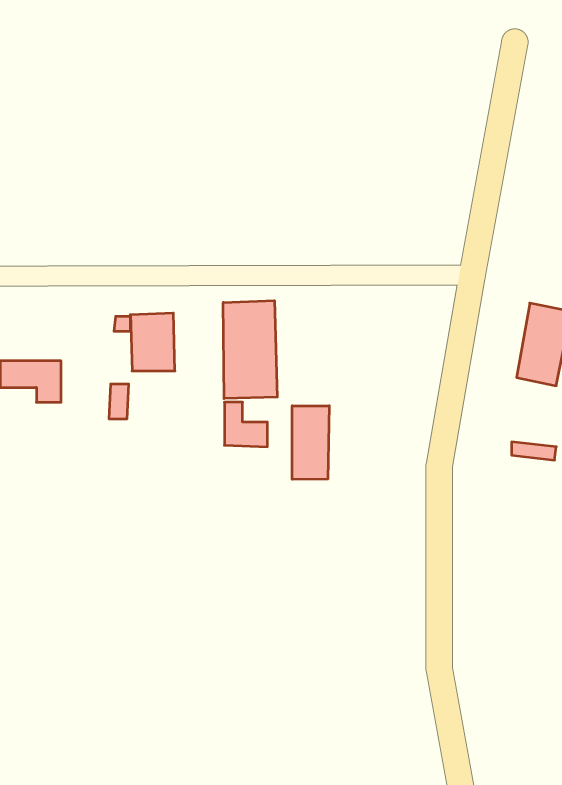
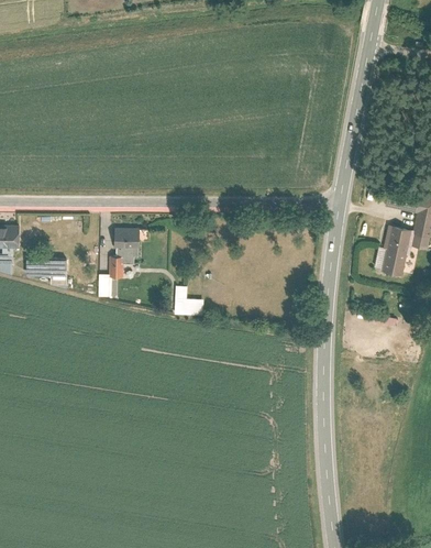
building: [223,301,277,399] -> none
building: [292,406,329,479] -> none

